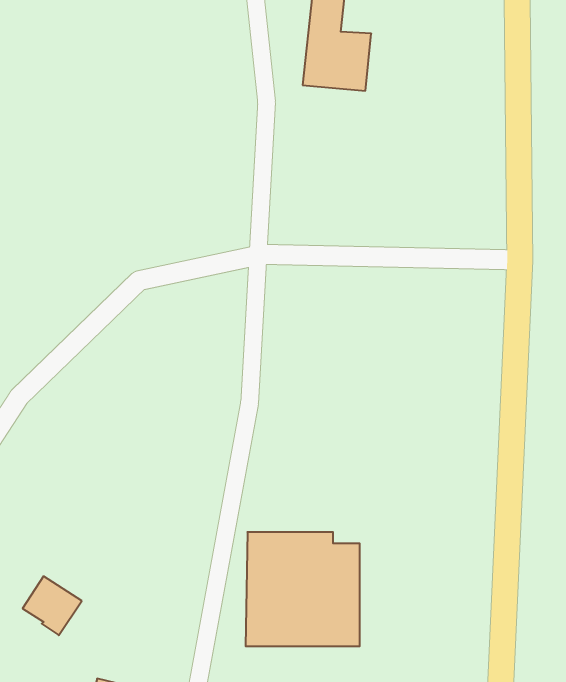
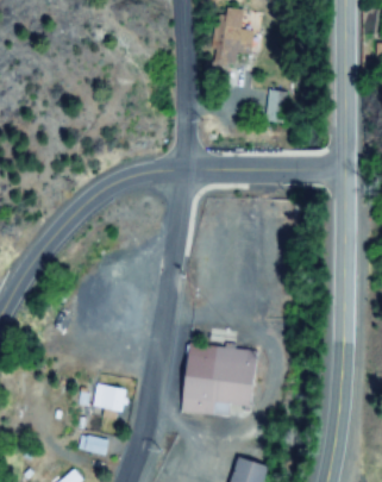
building: none -> [265,92,286,123]
building: [23,576,82,635] -> [93,382,130,419]

